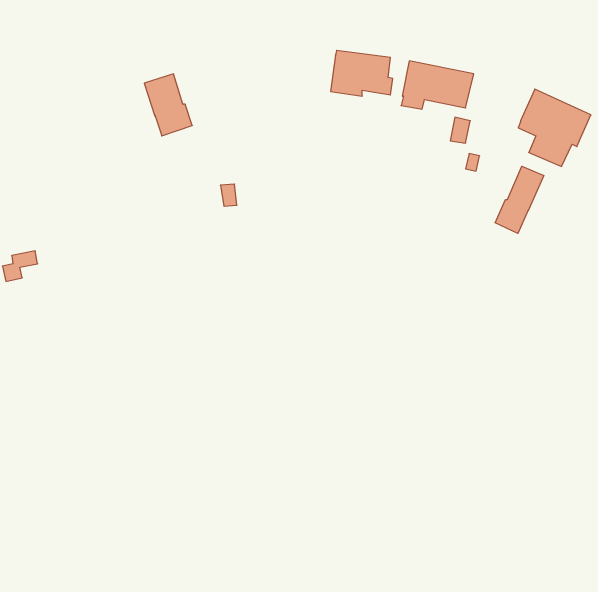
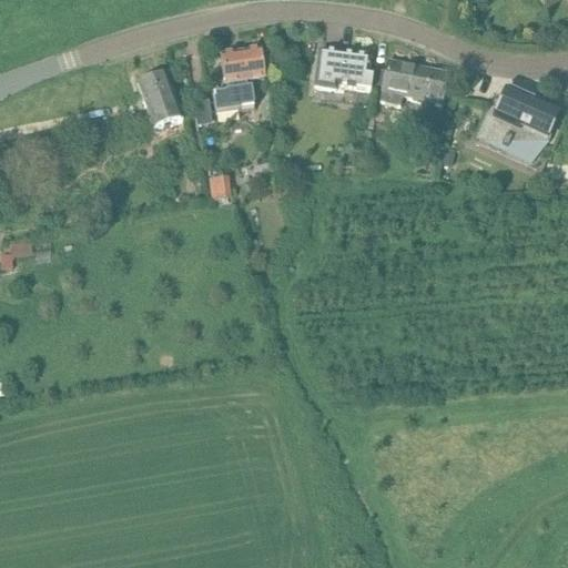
building: none -> [213,47,265,111]
building: [495,166,544,233] -> none

